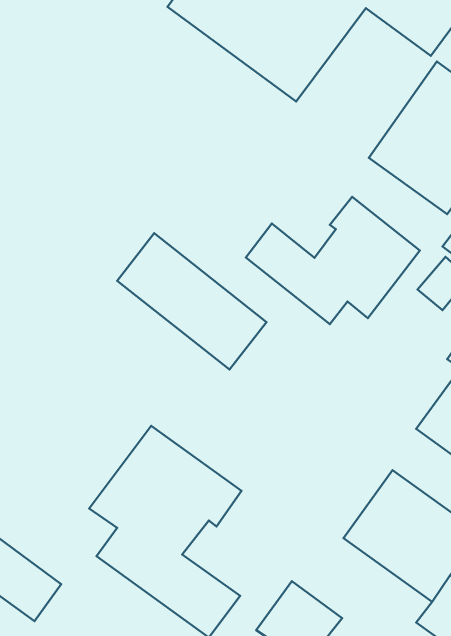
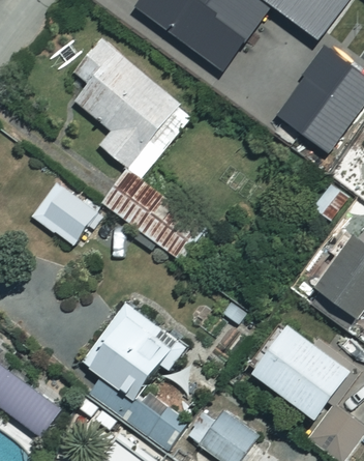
building: none -> [72,37,189,177]
building: [246,197,420,324] -> none
building: none -> [31,182,95,243]

